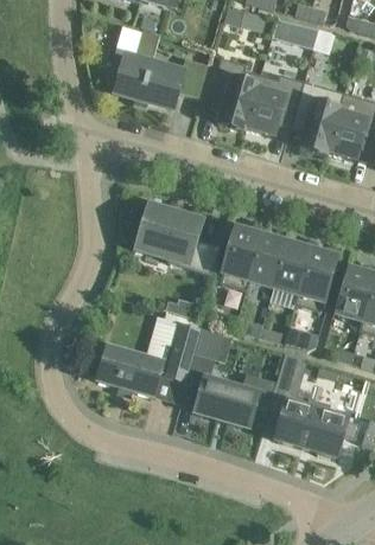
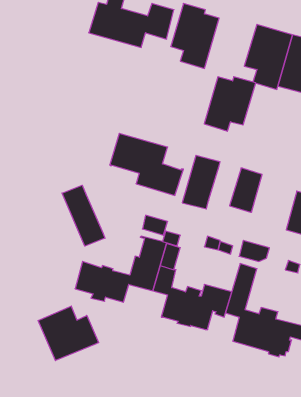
building: [246,73,304,135] -> [204,77,256,131]
building: [249,236,286,286] -> none
building: [293,250,336,310] -> none
building: none -> [62,185,105,246]
building: none -> [38,306,99,361]

